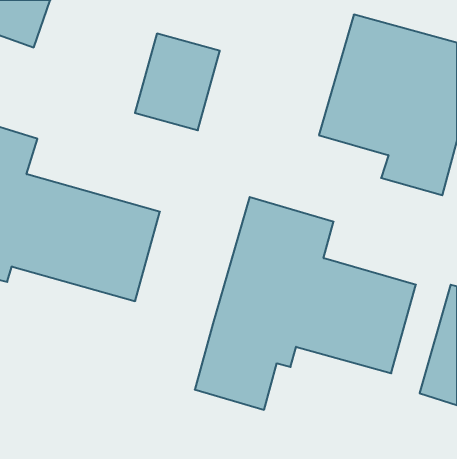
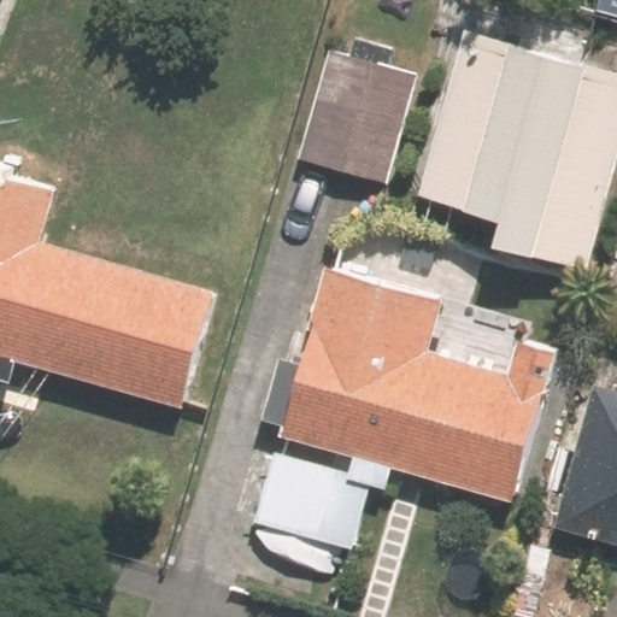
building: [135,34,220,130] -> [298,57,410,184]

